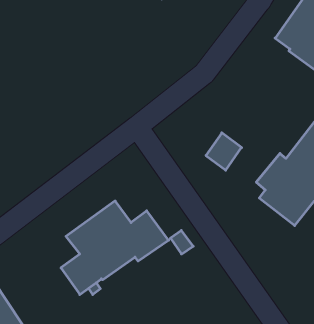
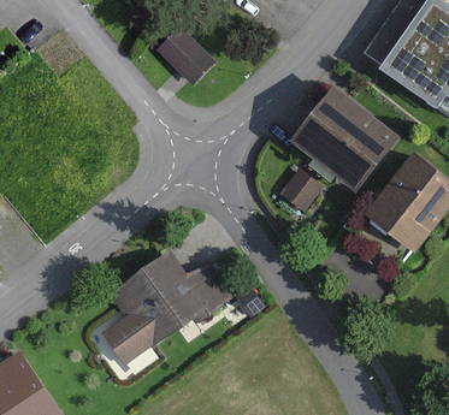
building: none -> [155,25,217,85]
building: none -> [289,84,401,192]

